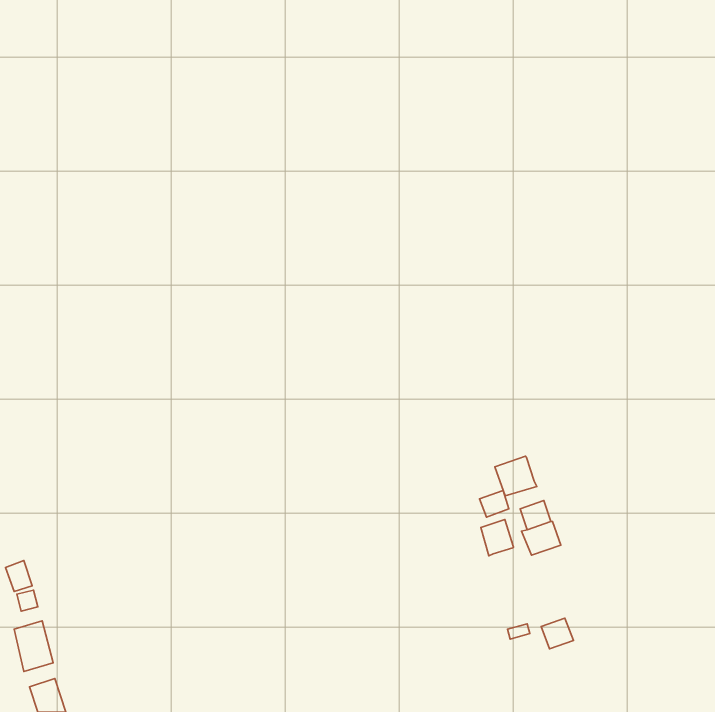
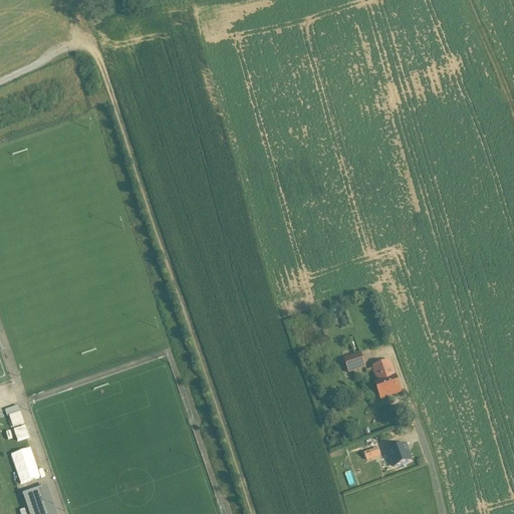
building: [495,456,537,496] -> none
building: [481,519,514,556] -> none

